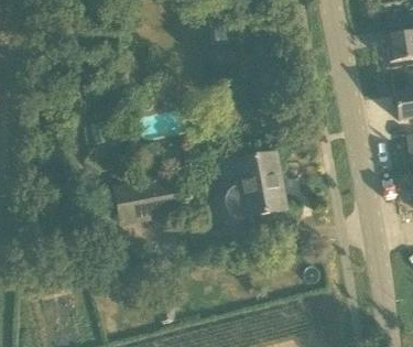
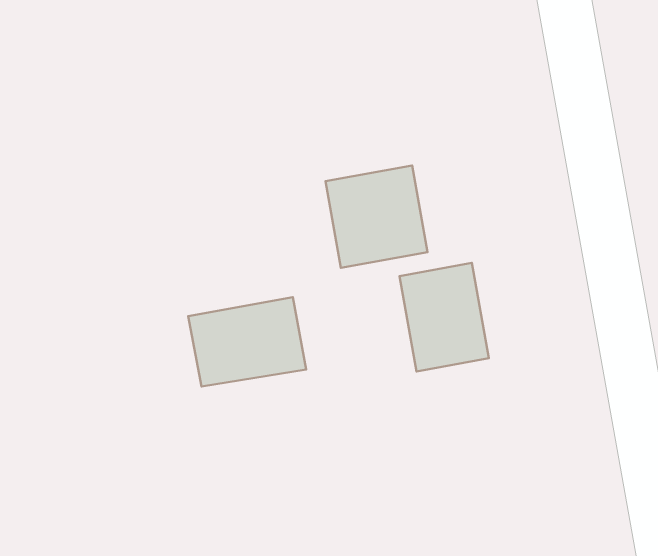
building: none -> [325,166,428,268]

